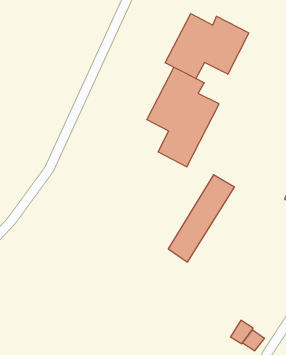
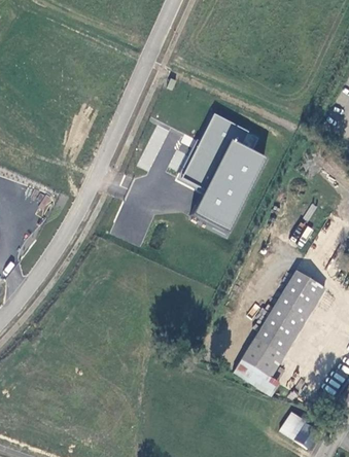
building: [165,14,249,79] -> none
building: [168,175,235,262] -> [243,270,321,373]

